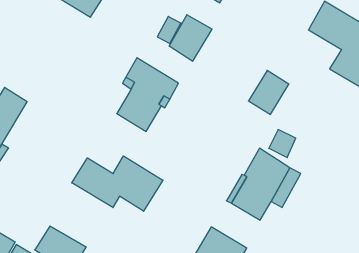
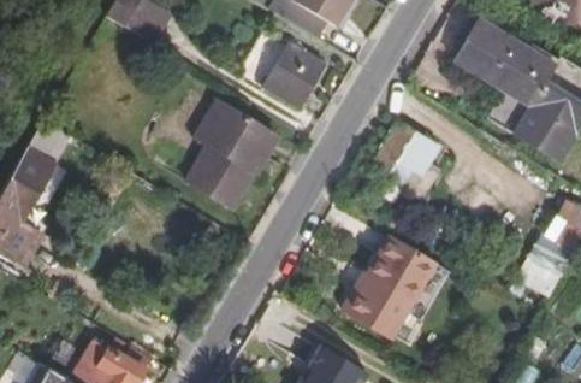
building: [72,156,163,211] -> none

